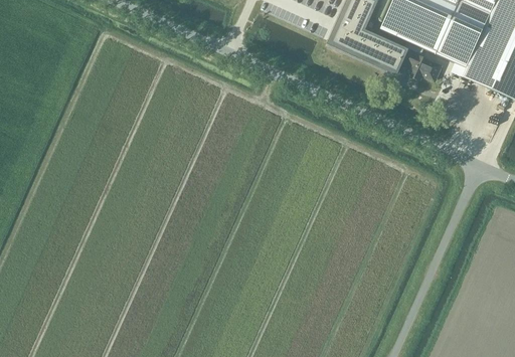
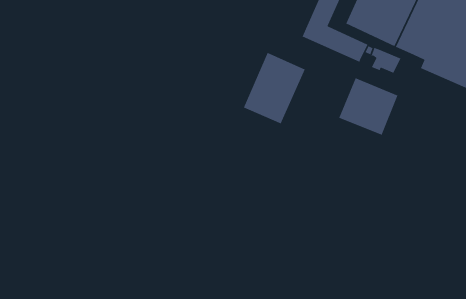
building: none -> [243,52,306,124]
building: none -> [338,77,399,136]

